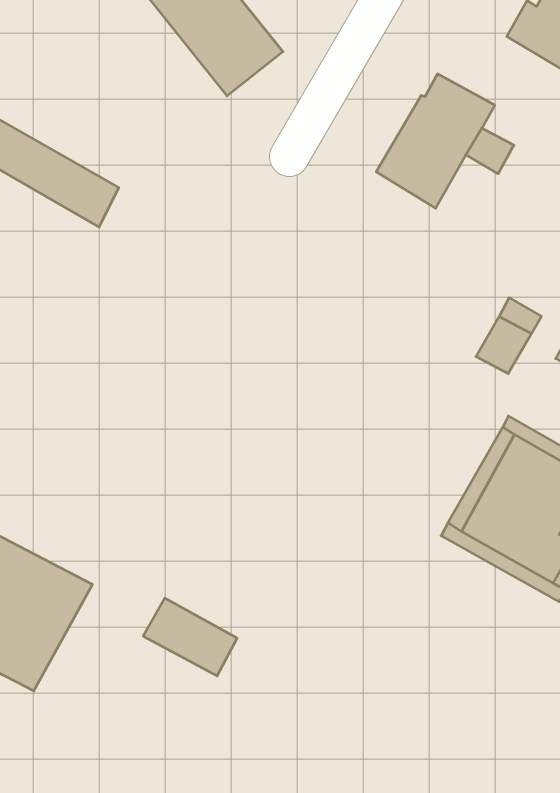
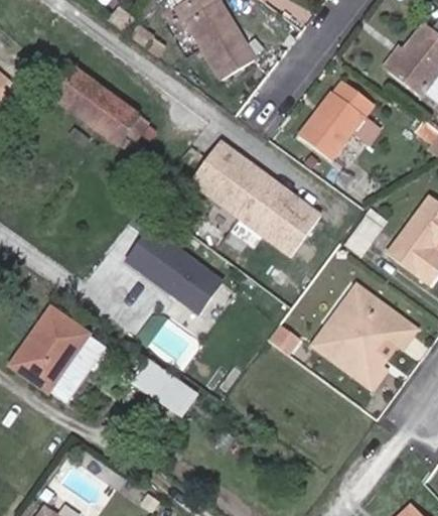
building: none -> [188,139,319,254]
building: none -> [124,227,221,312]

